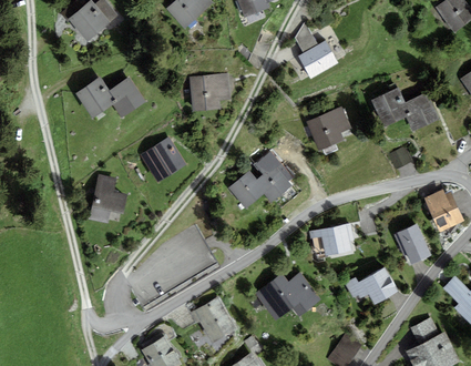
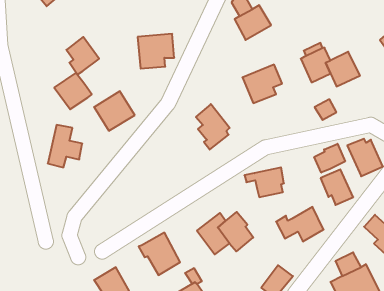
building: [75,78,117,119] -> [54,73,92,109]
building: [228,171,267,210] -> none
building: none -> [314,144,345,173]

